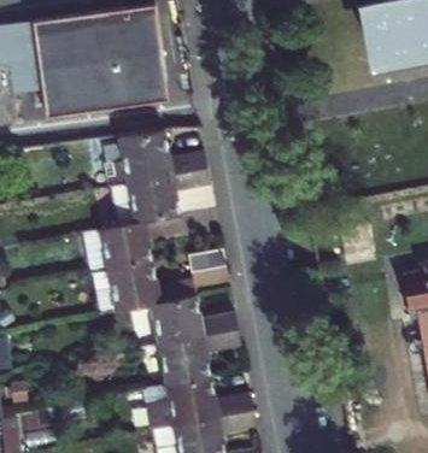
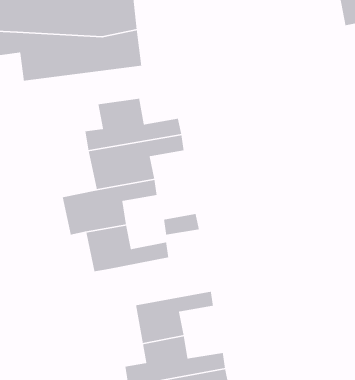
building: [131,298,238,346] -> none

